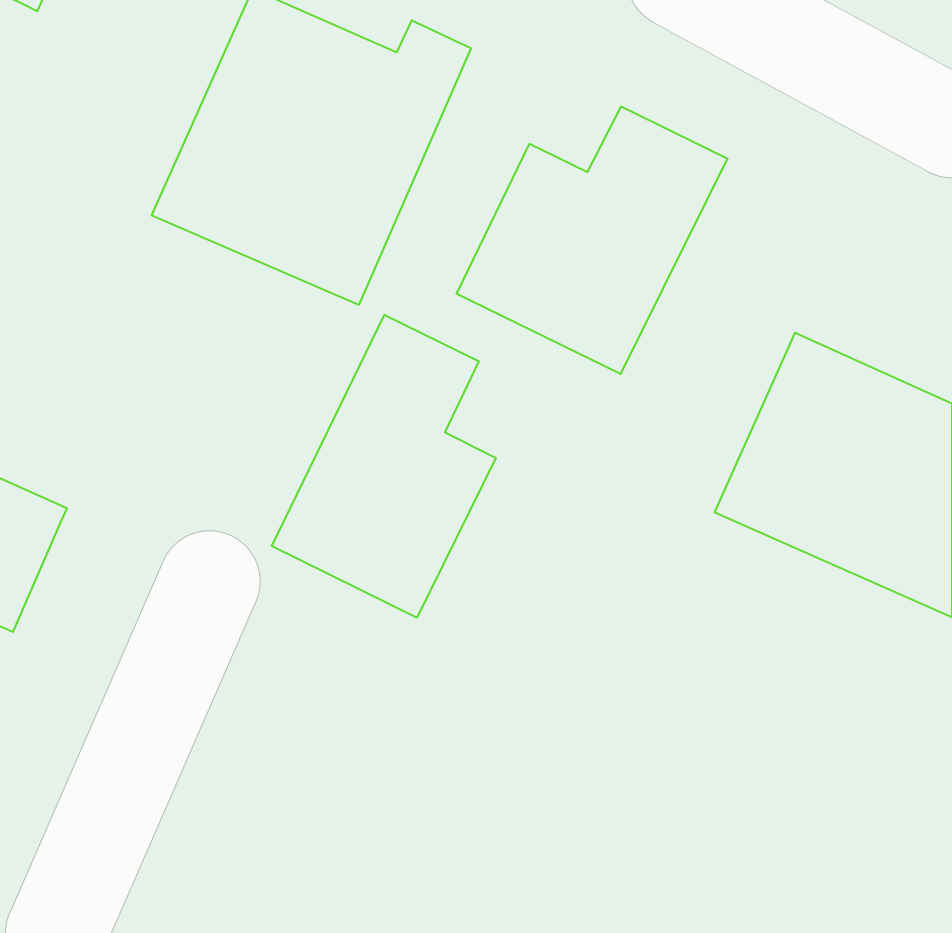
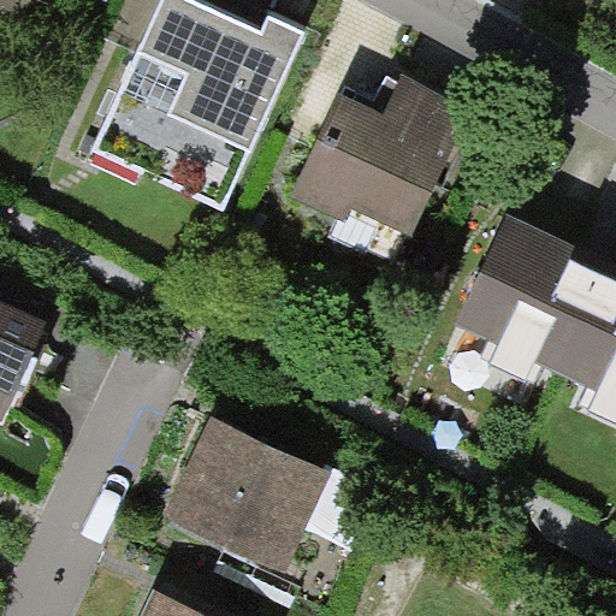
building: [272,315,496,618] -> none
building: none -> [166,424,322,570]

